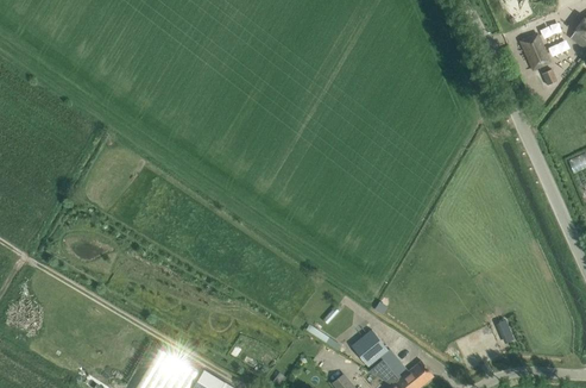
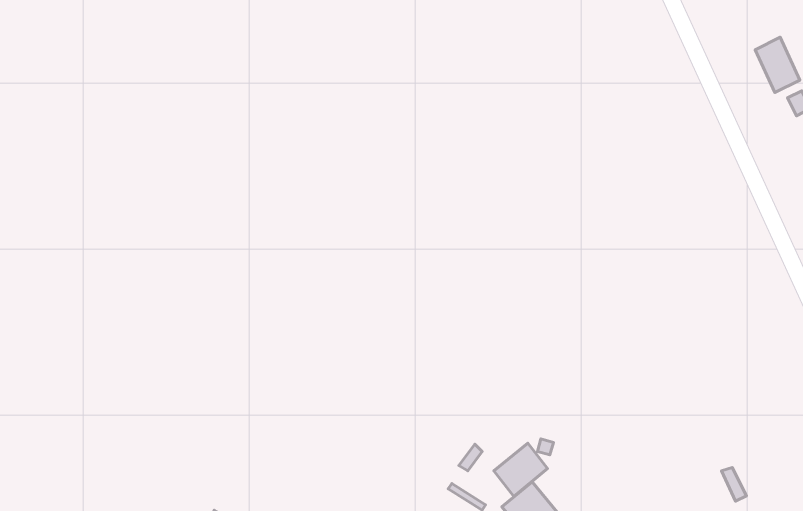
building: none -> [494,443,548,496]

